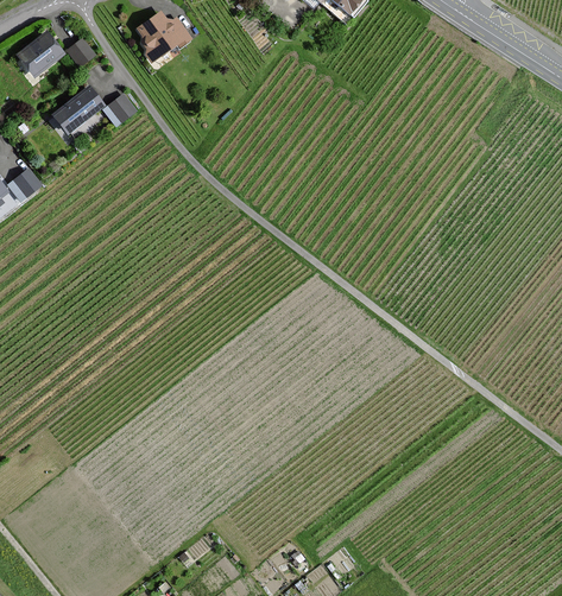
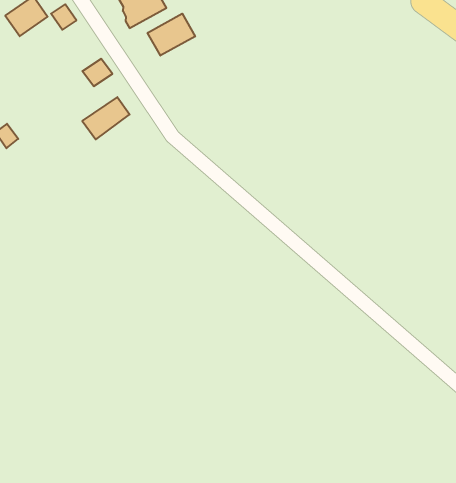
building: none -> [148,14,195,56]
building: [53,87,103,133] -> [82,97,130,139]

